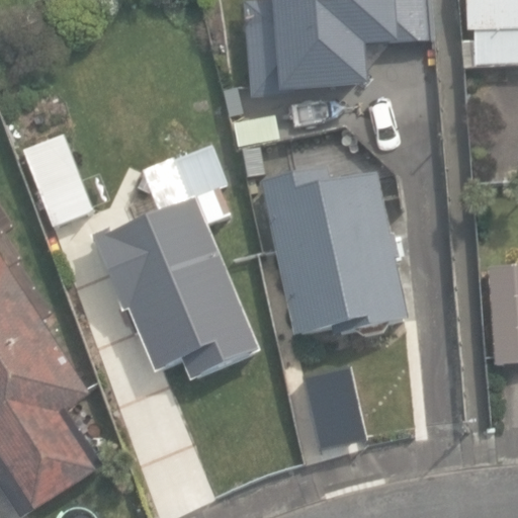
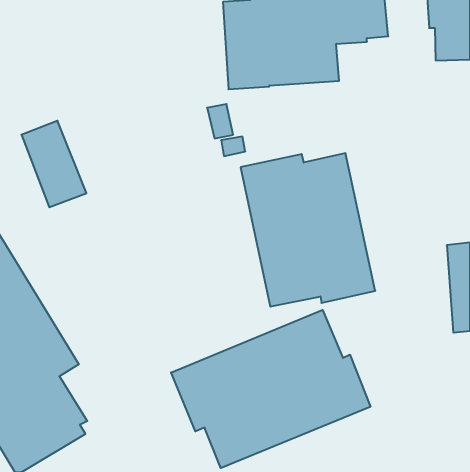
building: [91,142,259,377] -> none
building: none -> [171,310,370,468]

